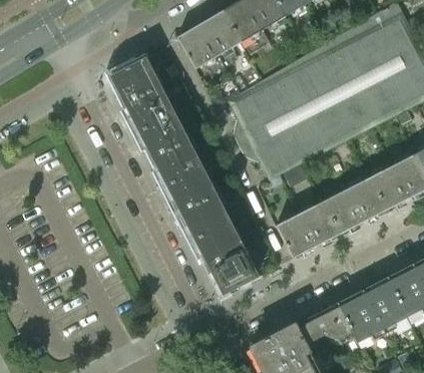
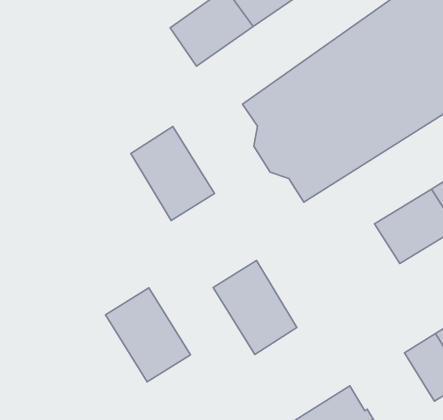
building: [110,58,173,131] -> none
building: [166,167,230,240] -> [105,288,191,382]
building: [277,201,340,258] -> none
building: [294,302,355,344] -> none

